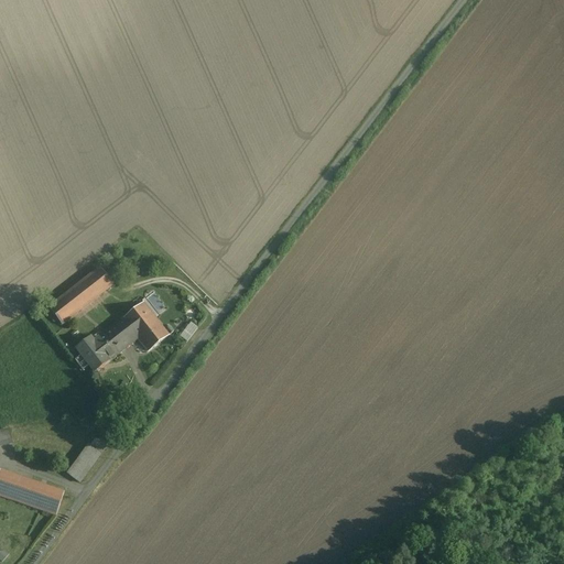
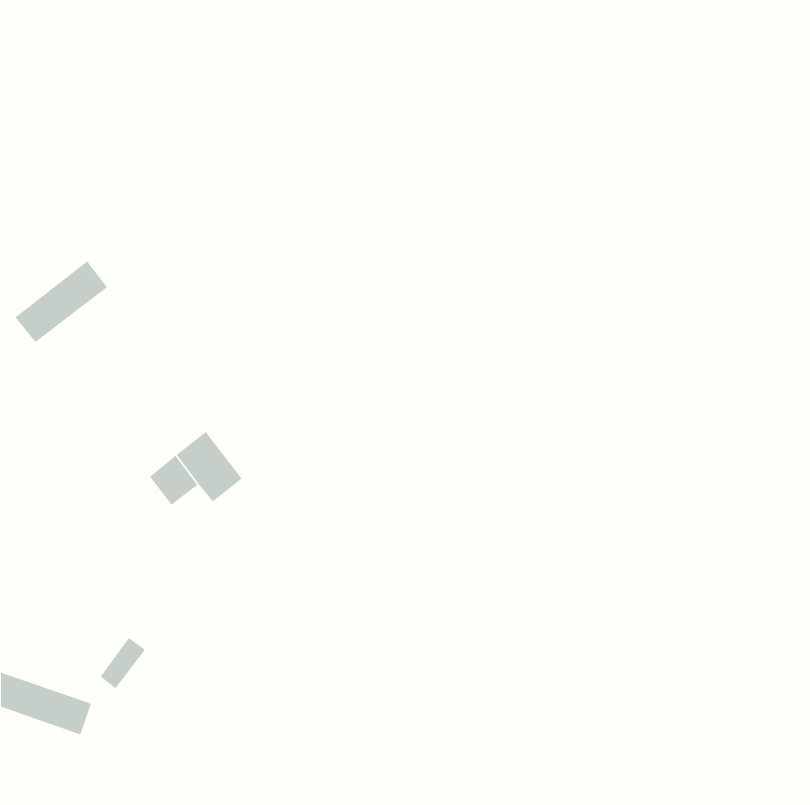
building: [48,264,113,322] -> [14,260,108,343]
building: [76,332,119,370] -> none

